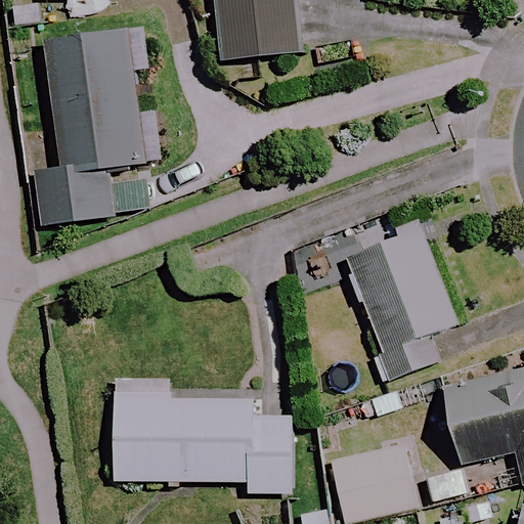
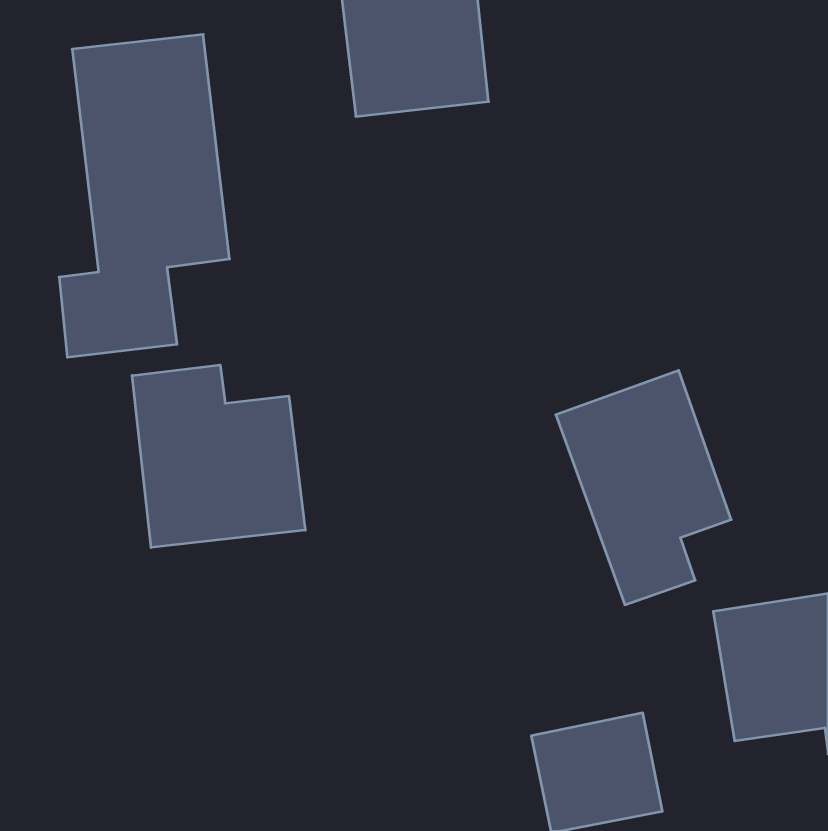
building: none -> [132,365,305,548]
building: [112,376,292,495] -> none

